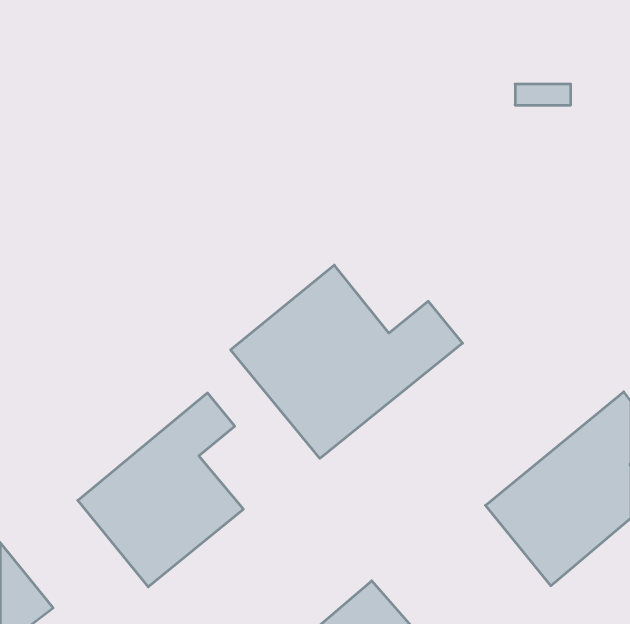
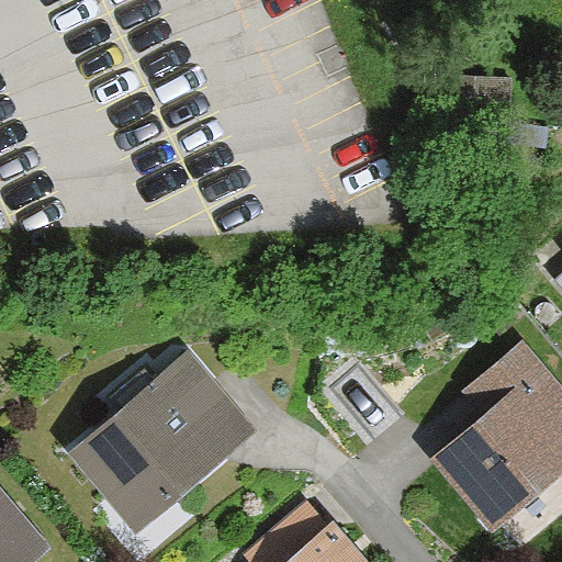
building: [231,265,463,458] -> none

